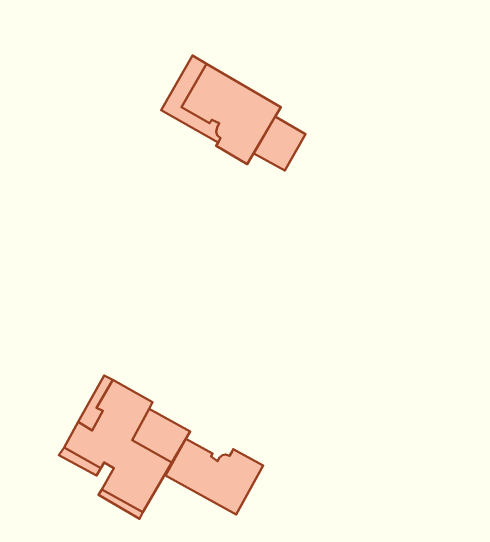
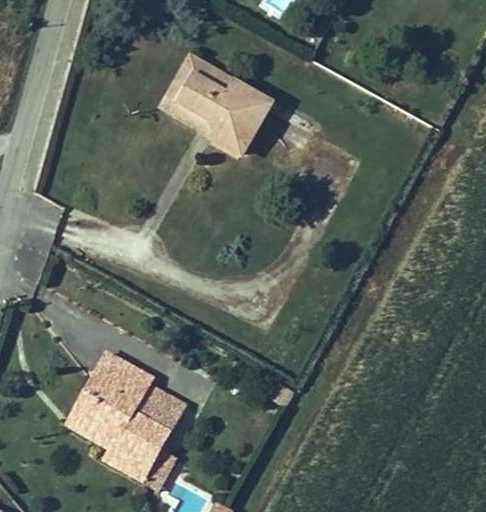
building: [254,117,305,170] -> none
building: [165,439,263,515] -> none

